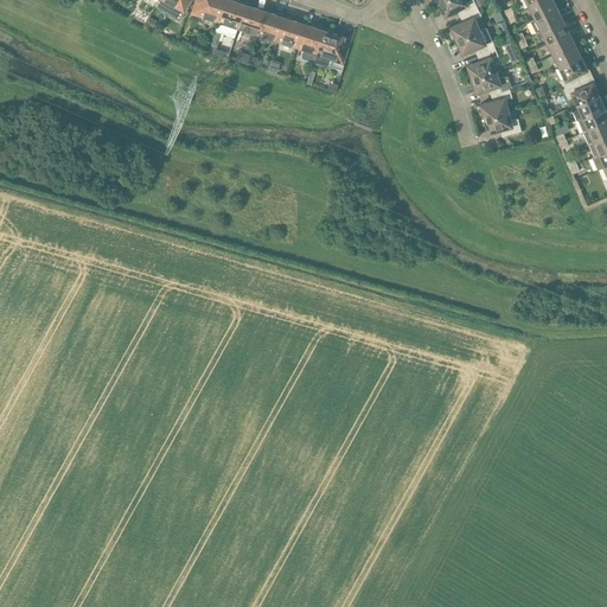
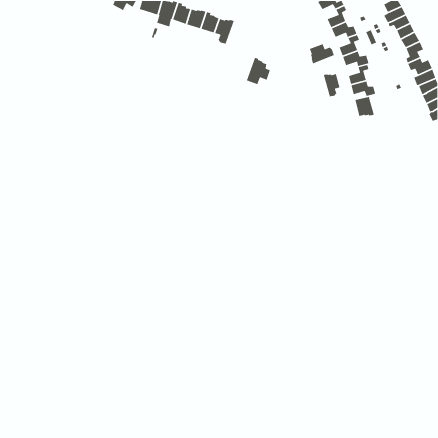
building: [313,28,347,68] -> [246,57,271,85]
building: none -> [309,43,335,64]
building: none -> [323,73,340,97]
building: none -> [354,96,375,117]

